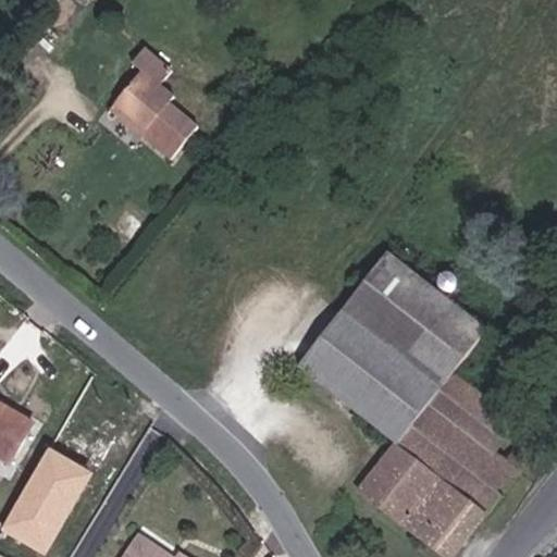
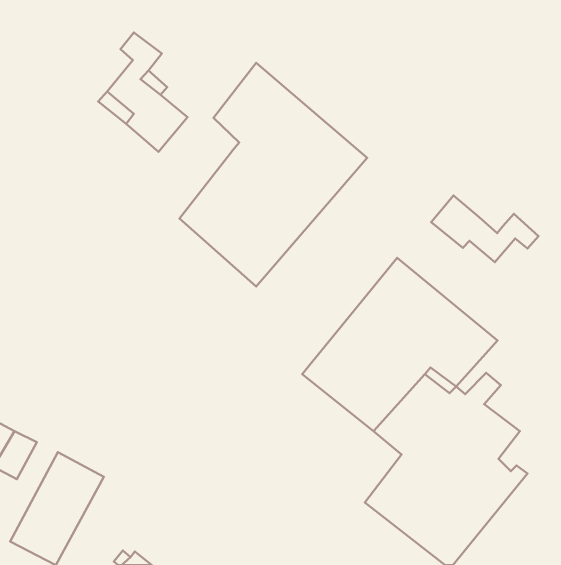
building: none -> [180,63,367,286]
building: none -> [431,196,539,262]

